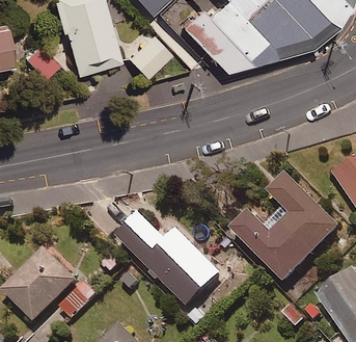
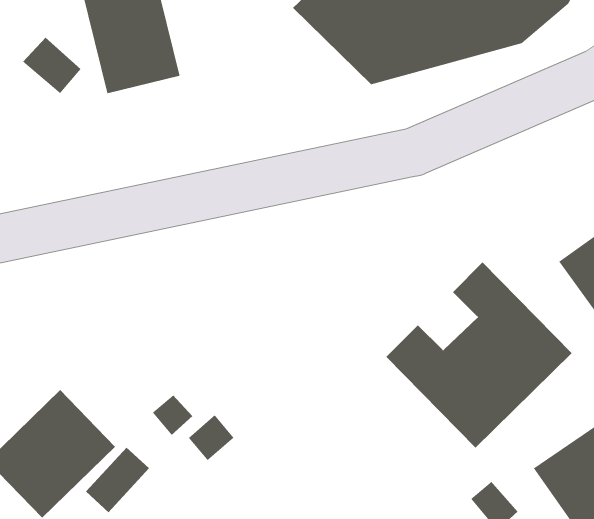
building: [126,34,172,81] -> none
building: [118,214,220,307] -> none

